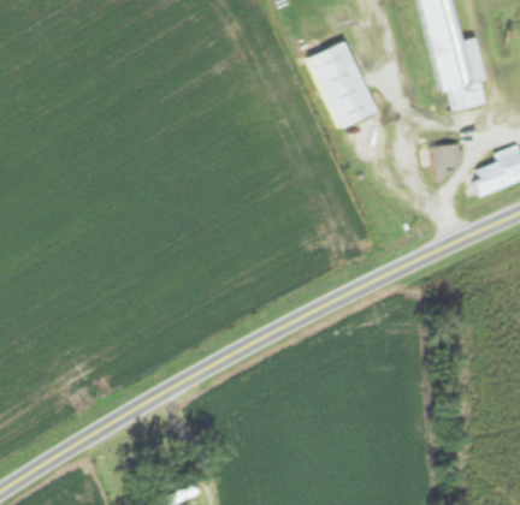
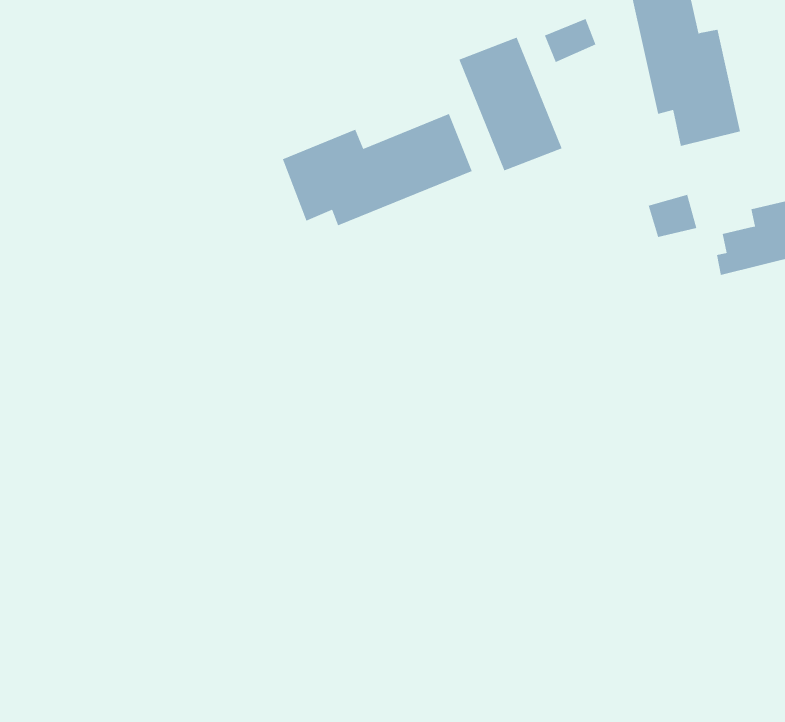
building: none -> [544,18,596,63]
building: none -> [282,113,472,226]

